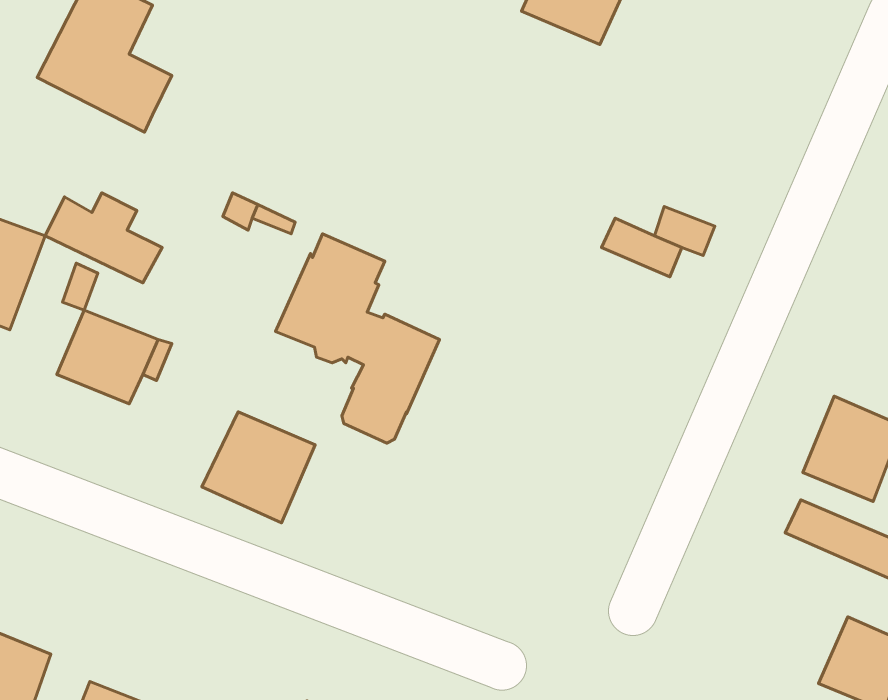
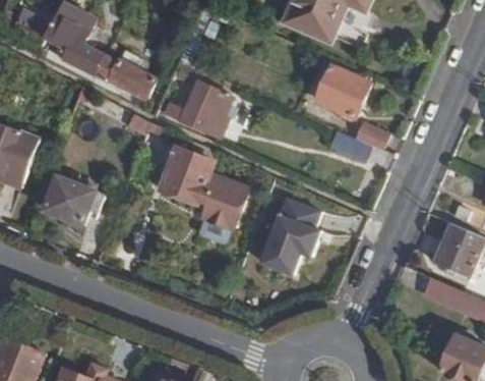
building: none -> [315,66,367,116]
building: none -> [165,80,229,135]
building: [45,193,162,283] -> [94,52,155,99]
building: none -> [260,199,319,275]
building: [202,412,315,523] -> none

